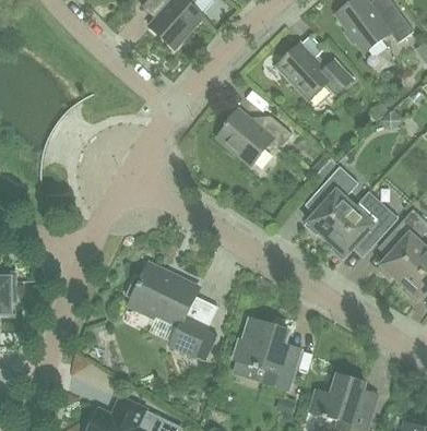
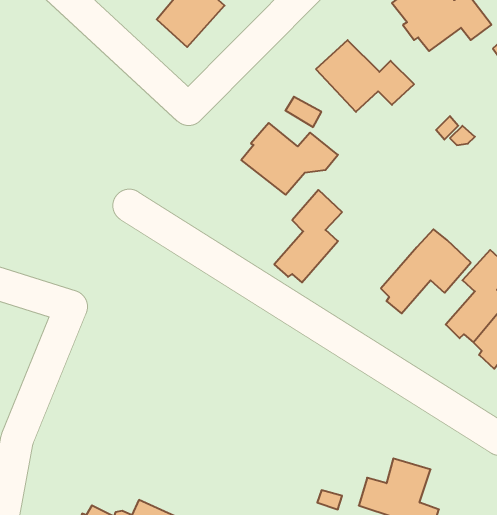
building: [305,166,358,239] -> [274,190,342,282]
building: [126,263,217,360] -> none
building: [234,318,300,390] -> none

